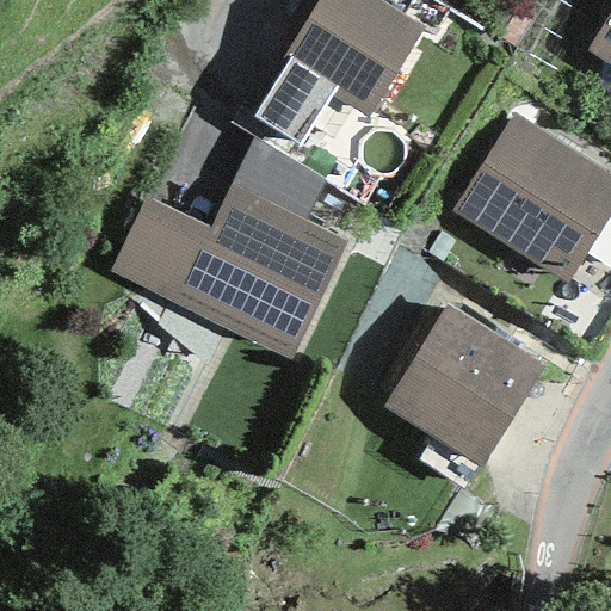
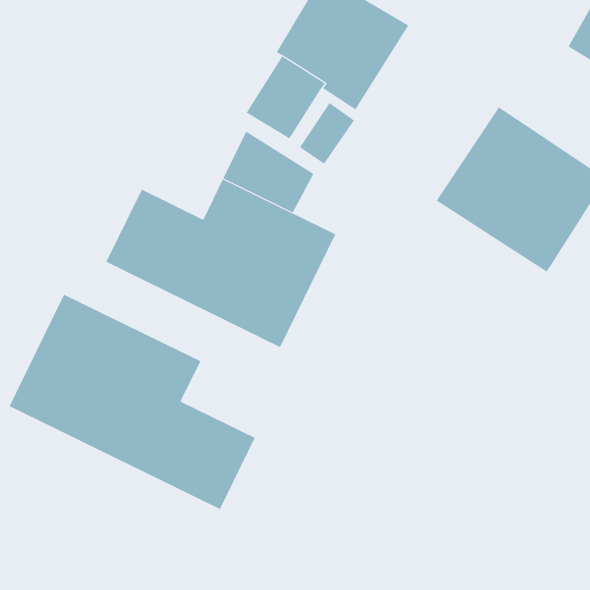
building: none -> [9,294,255,510]
building: [383,303,545,465] -> none

